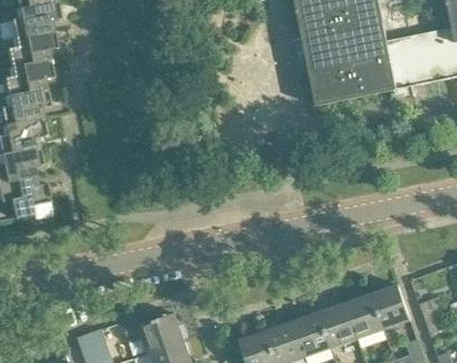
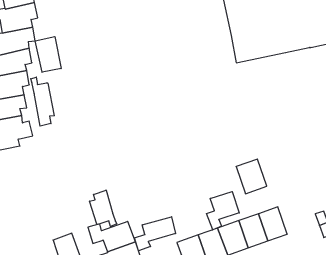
building: none -> [35,37,61,72]
building: none -> [31,77,54,126]
building: none -> [90,190,117,226]
building: none -> [207,192,239,230]
building: [370,284,409,330] -> [236,159,267,194]
building: none -> [134,217,176,251]

